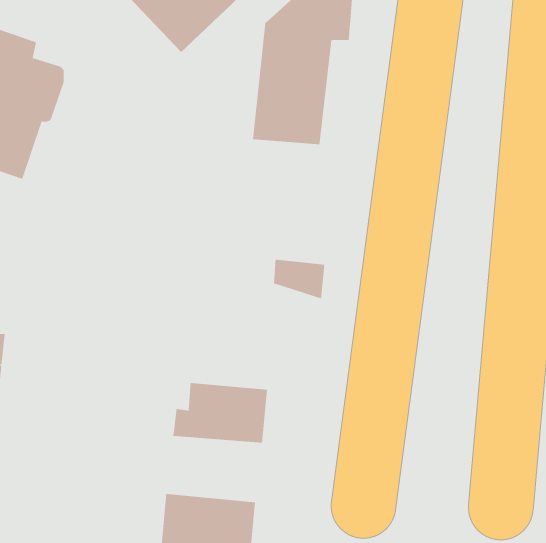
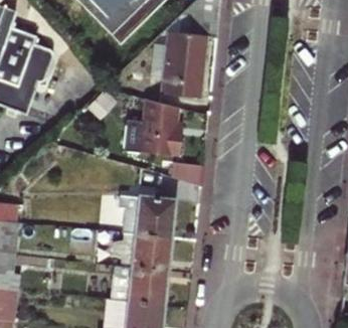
building: none -> [140,98,181,155]
building: none -> [119,179,174,238]
building: none -> [111,266,167,304]

